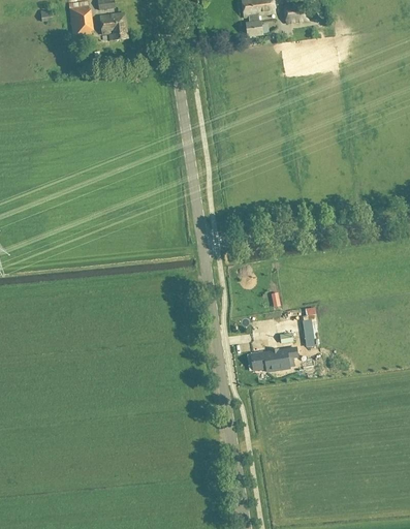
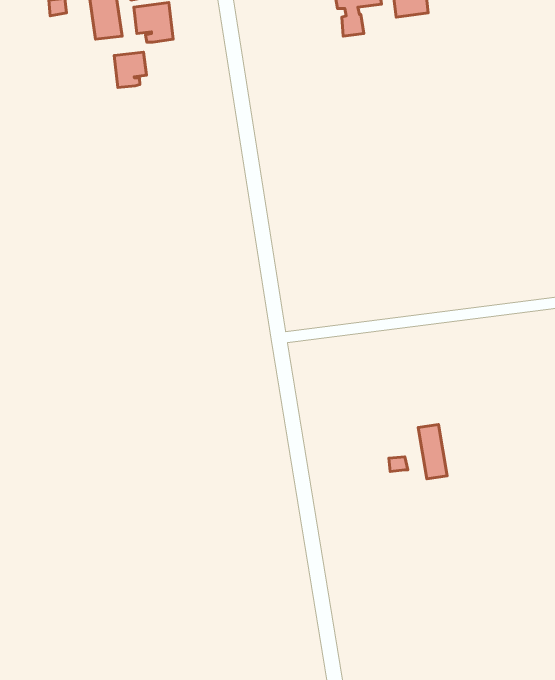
building: none -> [114,52,146,87]
building: [249,346,296,371] -> none

